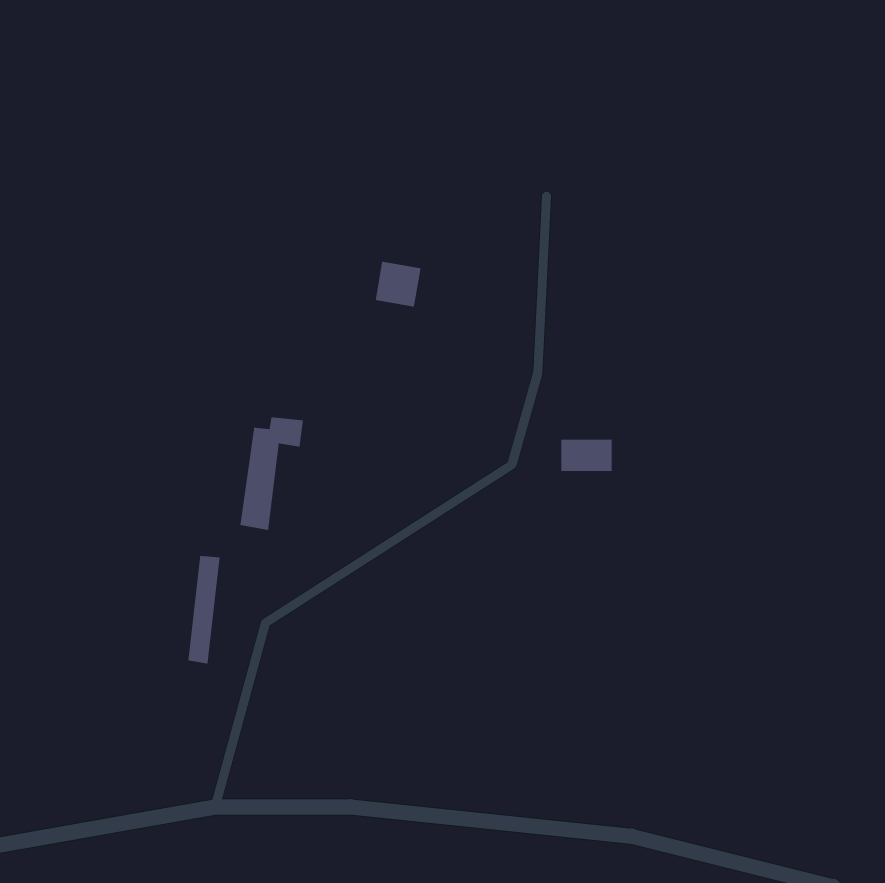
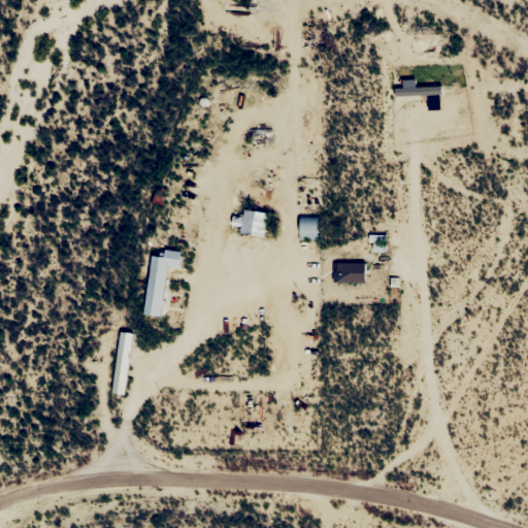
building: [375,261,422,308] -> [239,209,267,237]
building: none -> [299,217,318,239]

